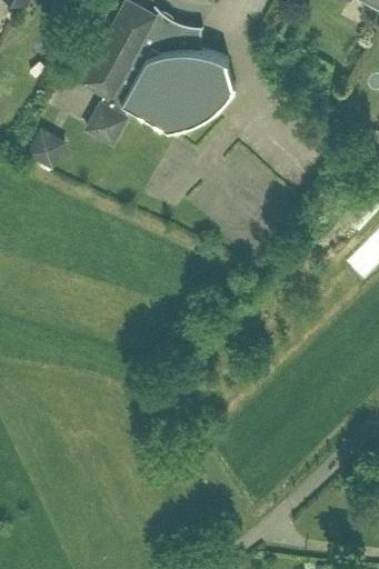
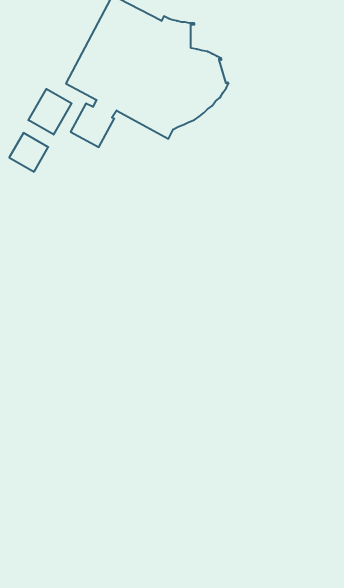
building: none -> [28,89,72,135]

